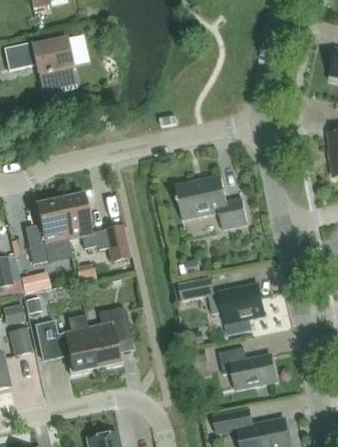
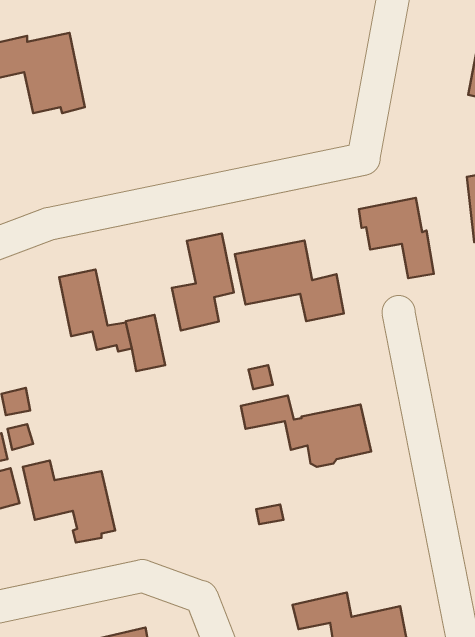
building: none -> [359,198,434,278]
building: [26,199,67,263] -> [172,233,234,330]
building: [87,305,129,368] -> none
building: [219,346,277,389] -> none

